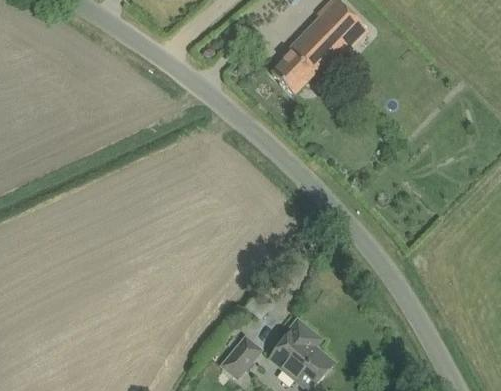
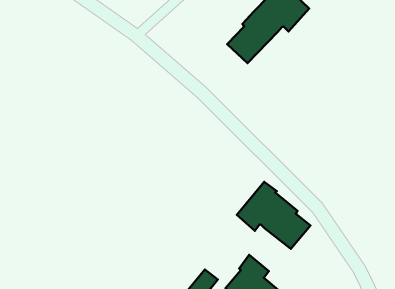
building: none -> [237,182,311,249]

